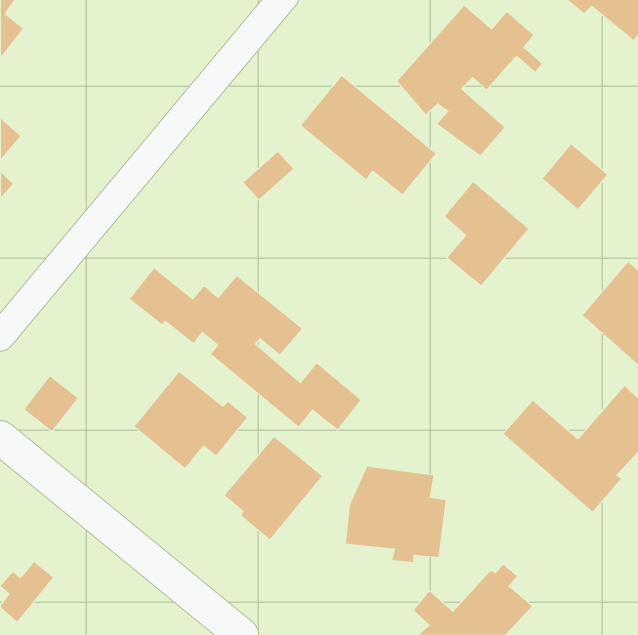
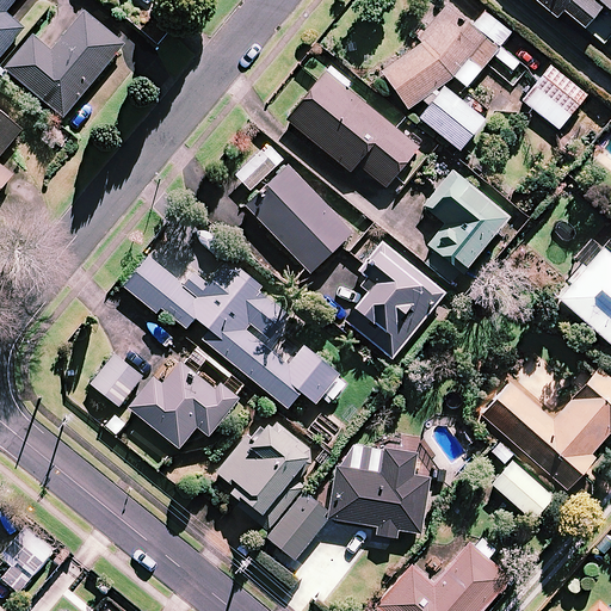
building: none -> [7,12,125,117]
building: [542,144,608,210] -> [523,66,586,129]
building: none -> [245,163,353,273]
building: none -> [345,245,443,357]
building: [23,376,78,432] -> [91,352,143,406]
building: none -> [490,459,553,526]
building: none -> [258,492,331,558]

